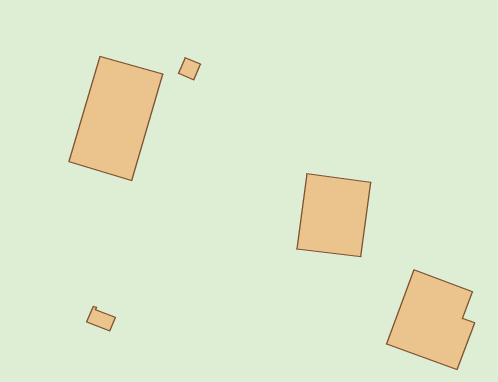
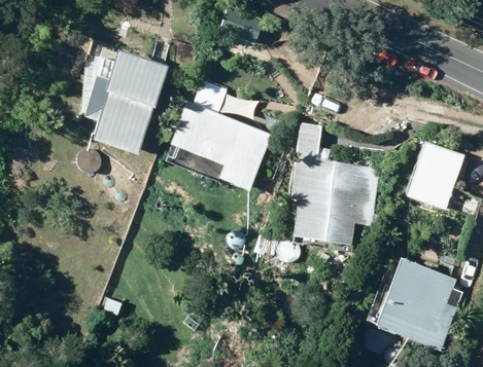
building: none -> [170,90,271,190]
building: none -> [406,140,464,210]

